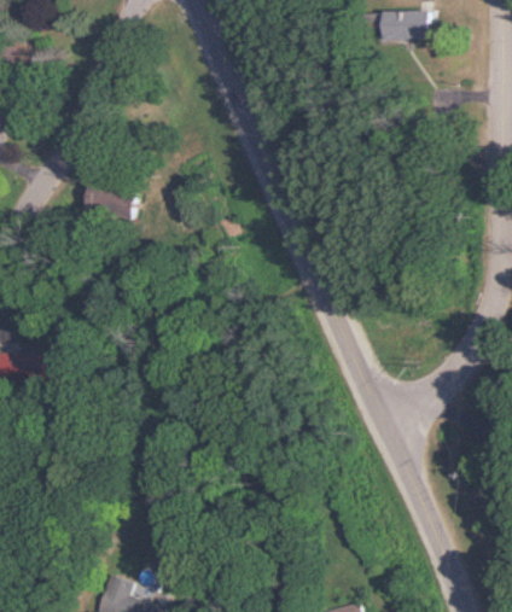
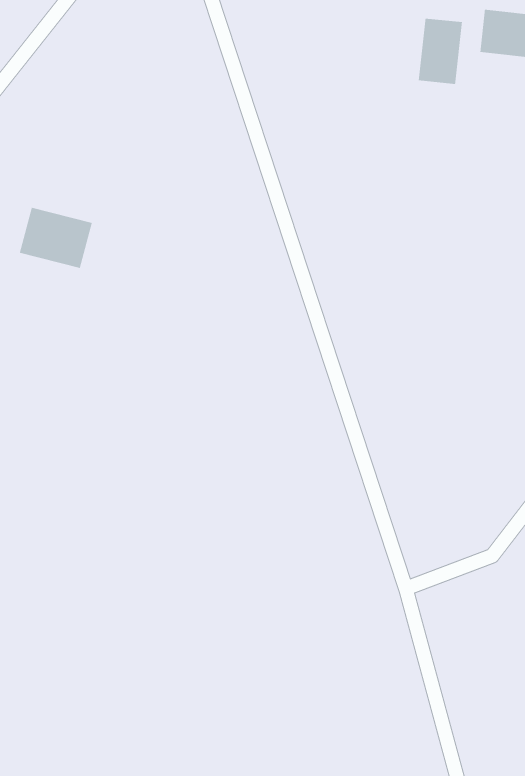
building: none -> [418,18,463,85]

